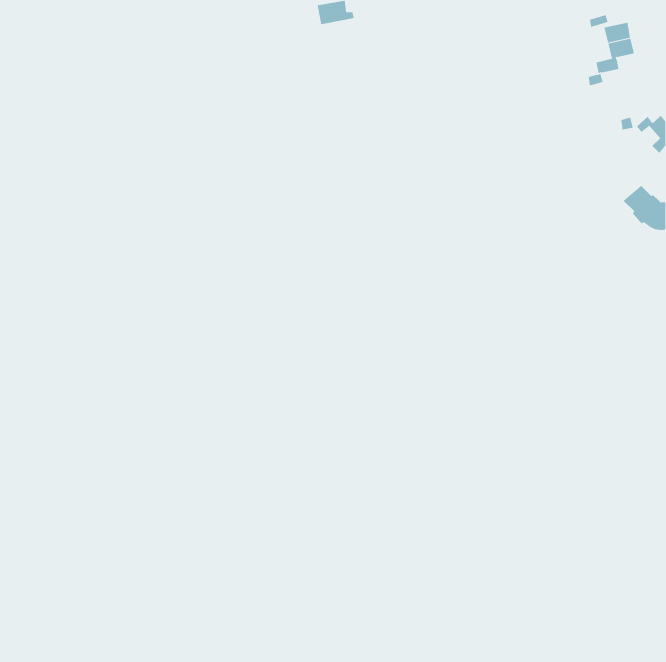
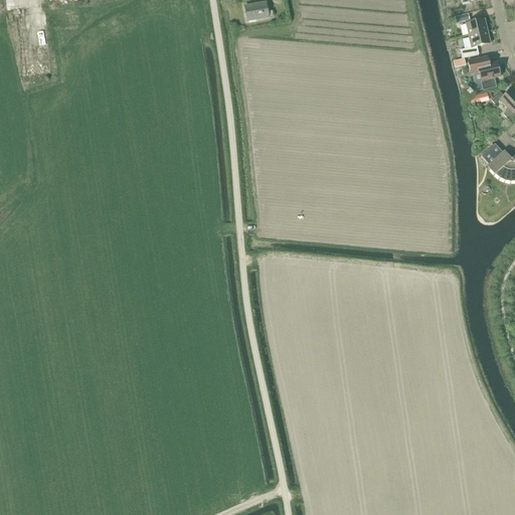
building: none -> [468,54,501,89]

